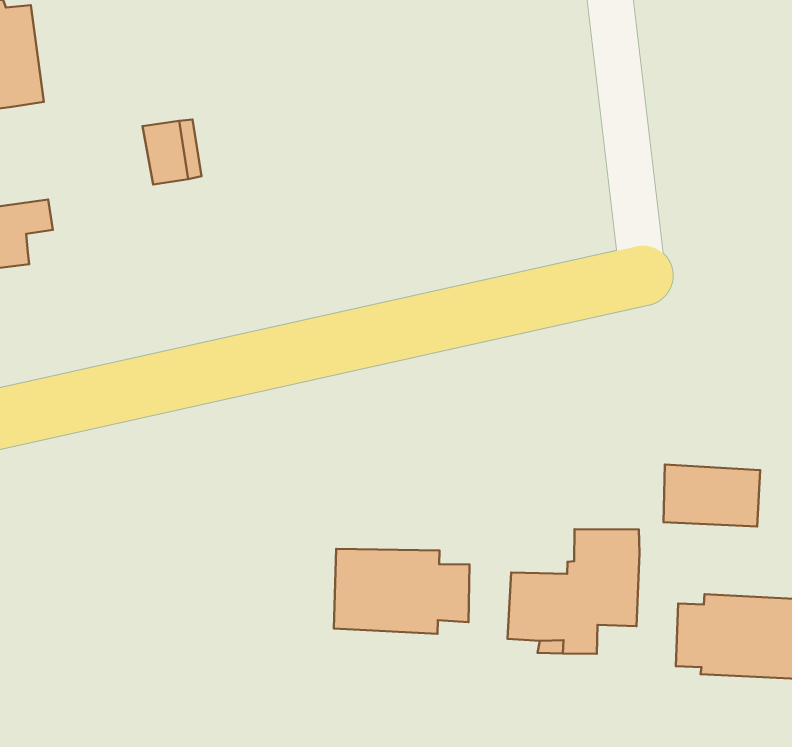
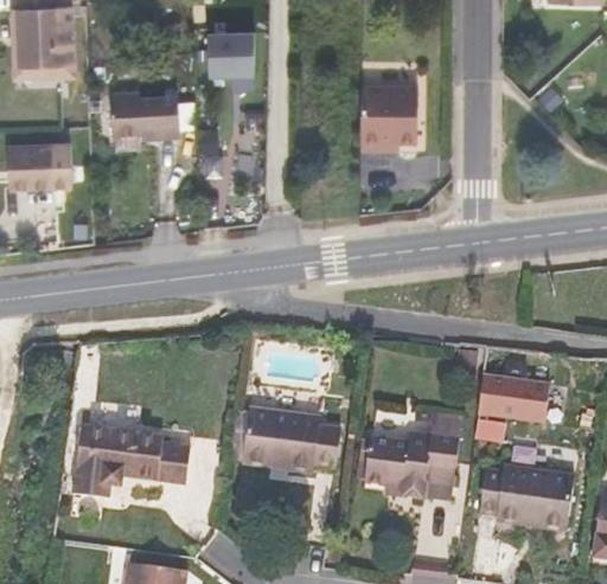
building: none -> [209,33,249,77]
building: none -> [359,86,417,152]
building: none -> [110,94,146,140]
building: none -> [74,424,191,499]

